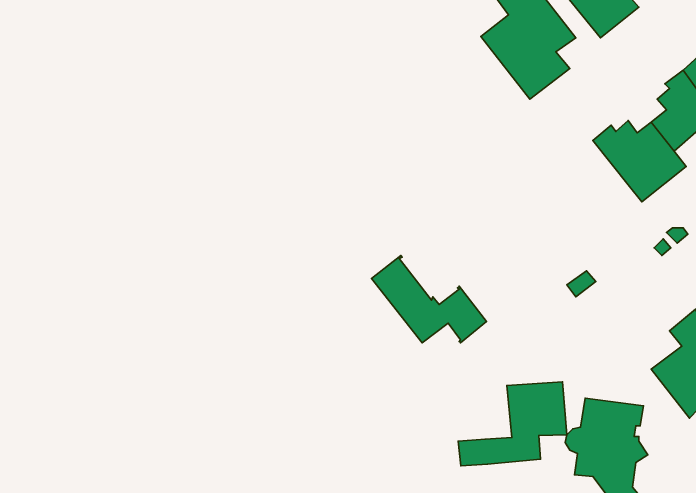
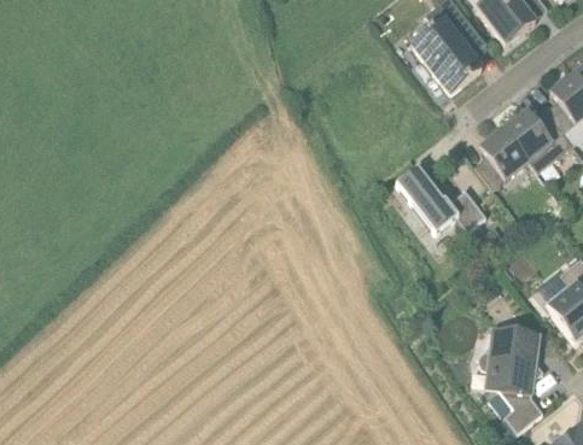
building: none -> [473,124,527,188]
building: [372,256,487,343] -> [395,163,485,232]
building: [458,382,567,466] -> none

